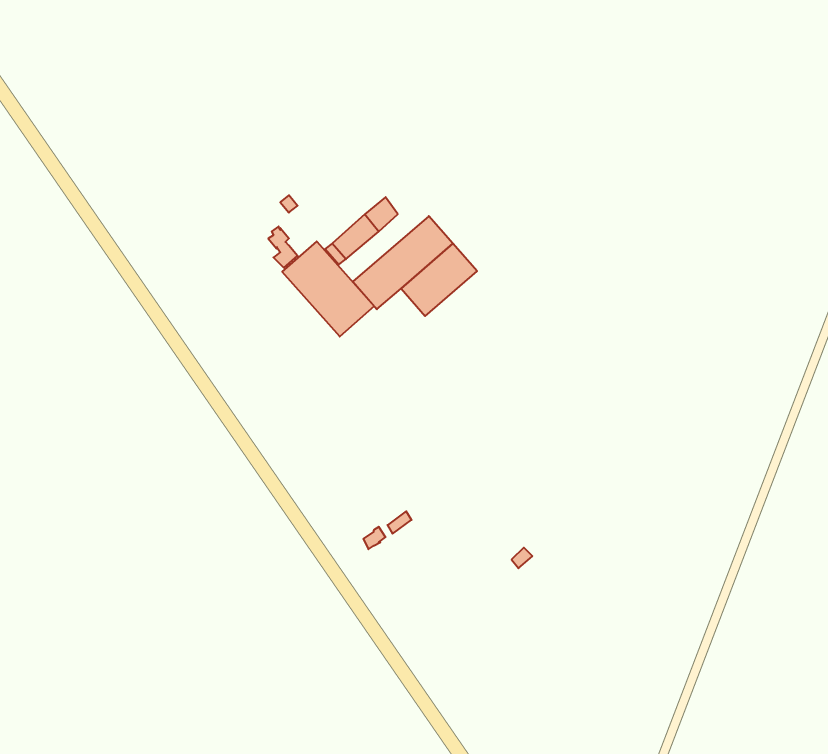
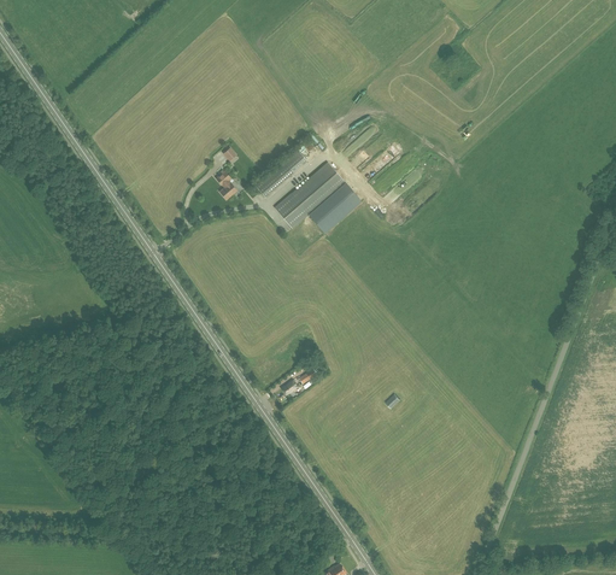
building: [282,241,374,337] -> none

